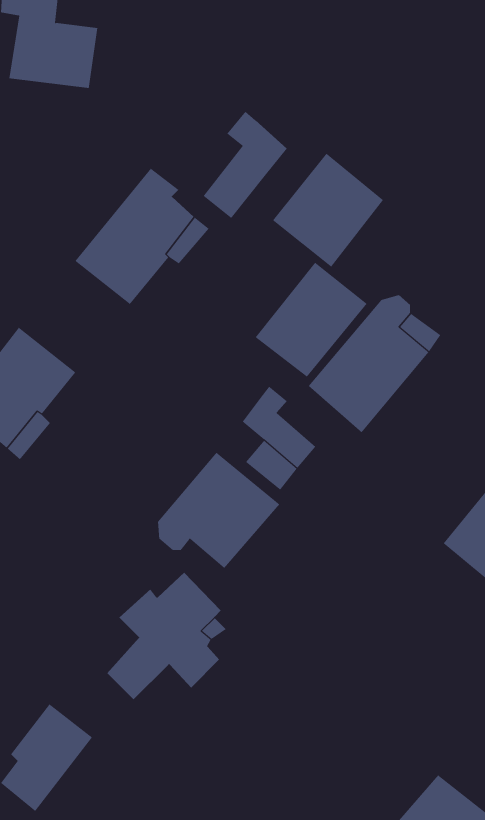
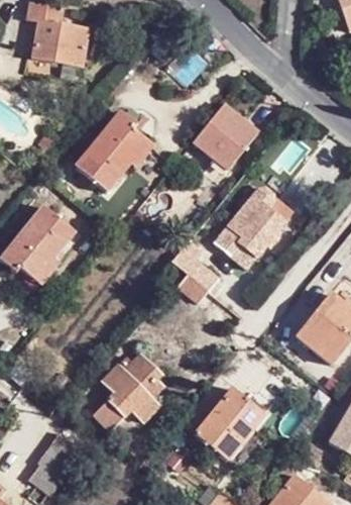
building: [203,111,288,219] -> none
building: [255,262,367,377] -> none
building: [158,452,280,569] -> none
building: none -> [195,387,265,461]

